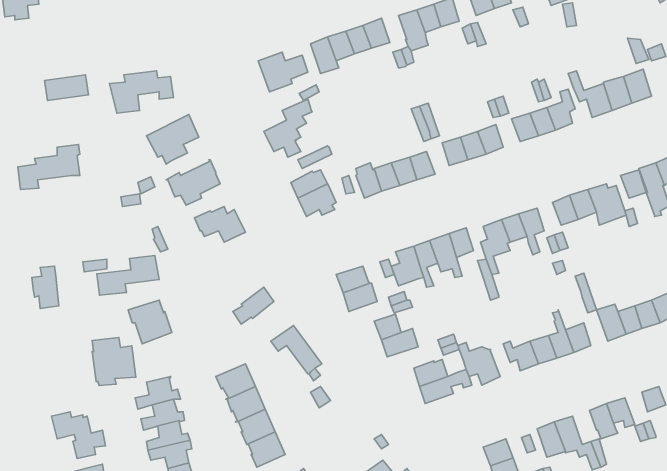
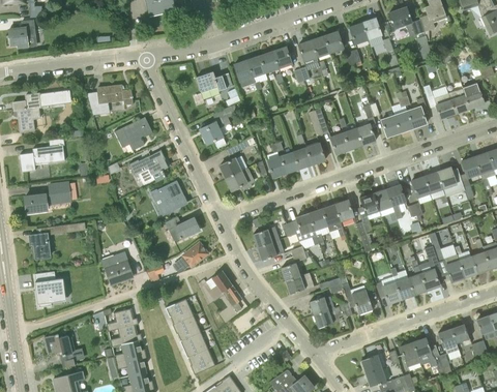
building: none -> [12,92,41,131]
building: none -> [166,217,199,241]
building: [97,256,159,295] -> [25,183,70,212]
building: [92,338,136,386] -> [34,272,66,307]

